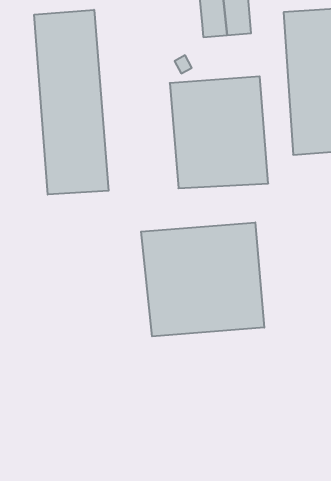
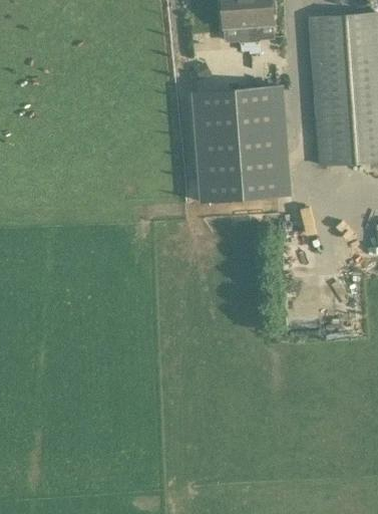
building: [34,10,109,195] -> none
building: [141,222,264,336] -> none

